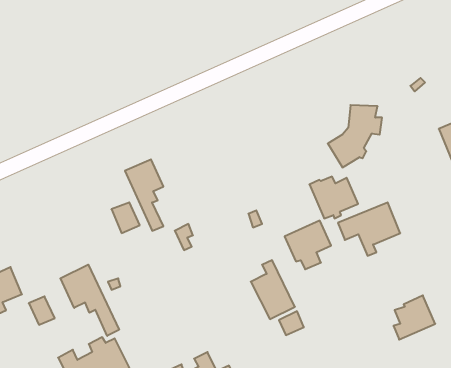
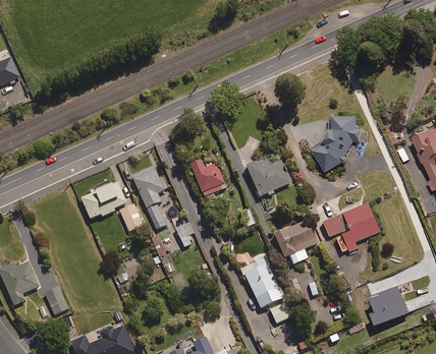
building: none -> [189,160,225,195]
building: none -> [79,179,125,218]
building: [309,177,358,218] -> [246,158,289,195]
building: [60,265,119,336] -> none

